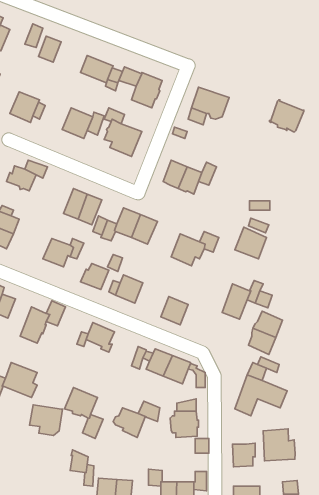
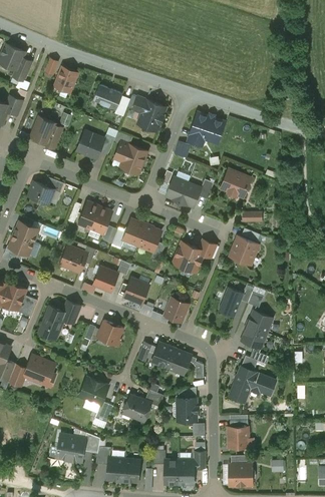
building: [270,100,304,132] -> [220,169,250,197]
building: [30,405,63,435] -> [56,434,85,461]
building: [263,429,295,461] -> none

